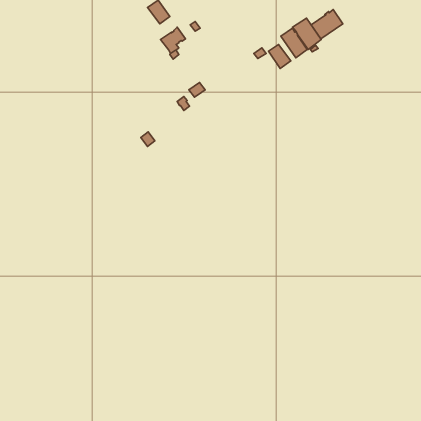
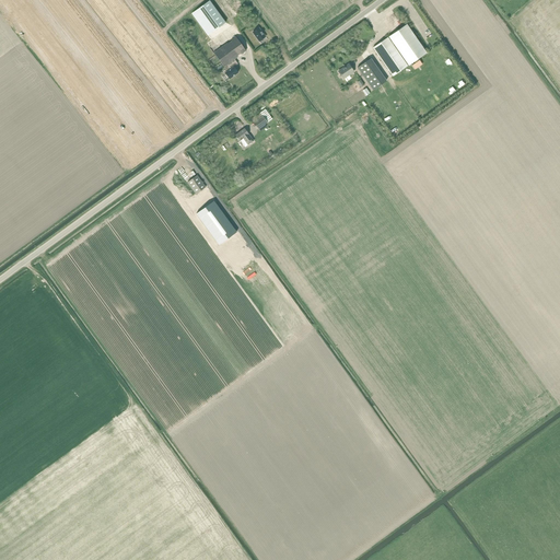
building: [311,10,343,39] -> none
building: none -> [192,197,233,242]

